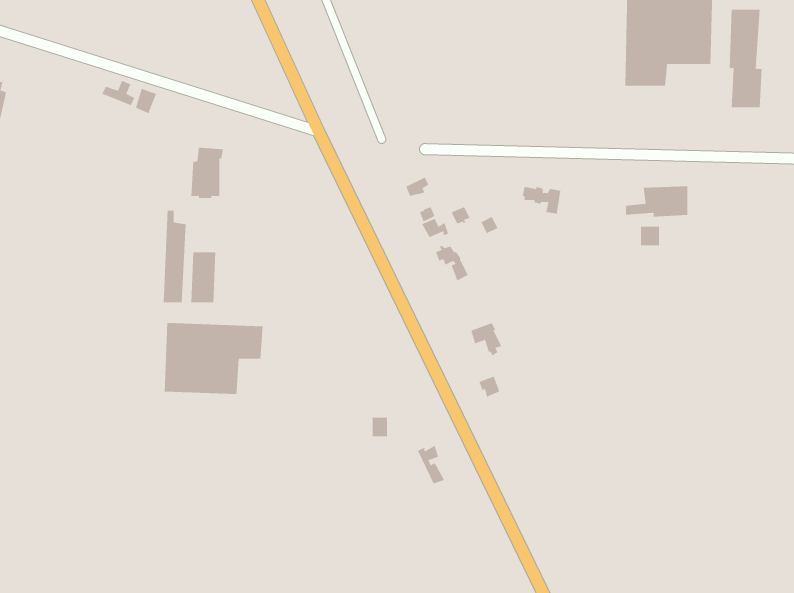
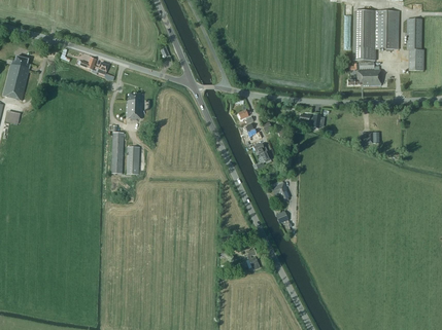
building: [625,186,688,217] -> [347,70,380,86]
building: [164,322,263,395] -> none

